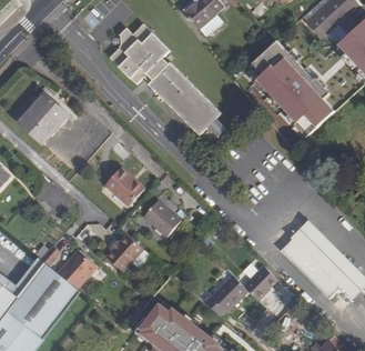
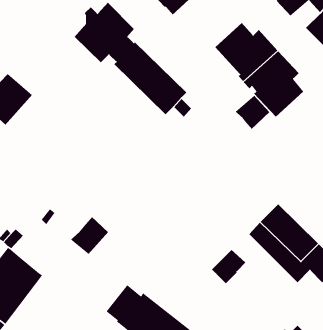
building: none -> [235,95,270,130]
building: [104,167,143,205] -> none
building: [142,200,181,237] -> none
building: [57,249,95,289] -> none
building: [202,274,247,315] -> none

